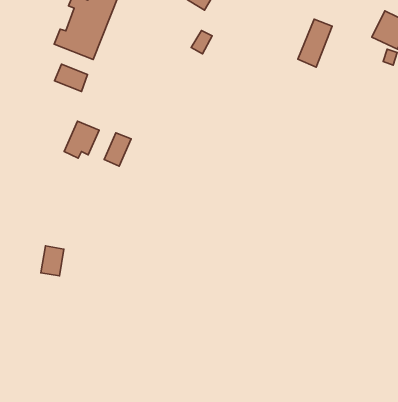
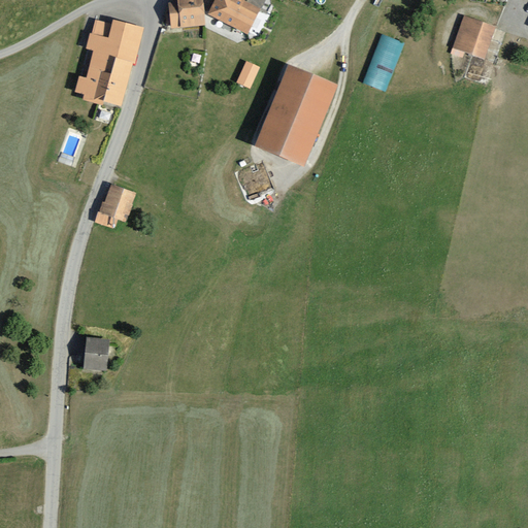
building: none -> [253,63,337,166]
building: [55,64,87,91] -> none
building: [104,133,131,166] -> none

